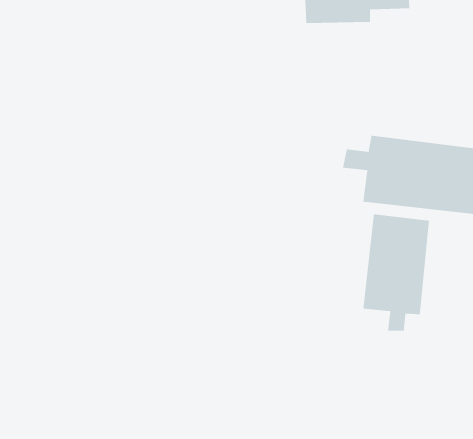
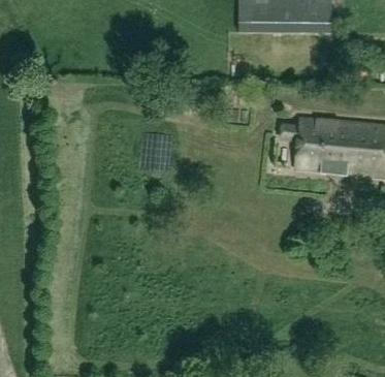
building: [363,213,429,331] -> none

